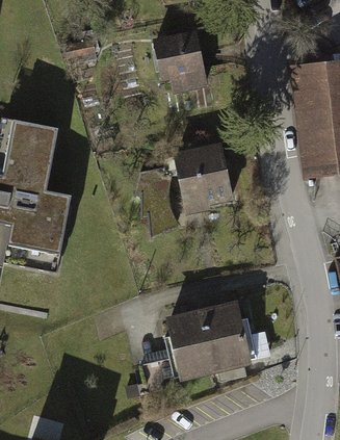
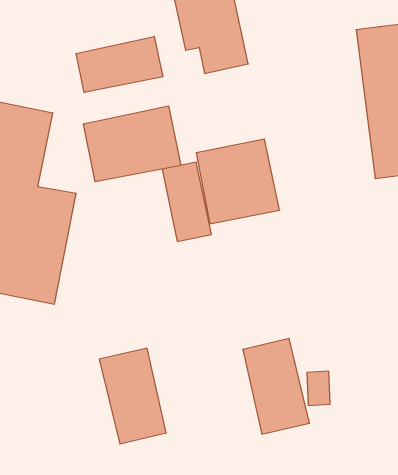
building: none -> [76,36,163,93]
building: none -> [84,106,181,182]
building: [167,308,218,381] -> [99,348,166,444]

